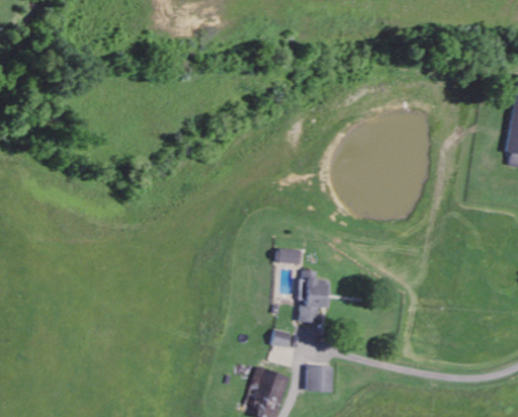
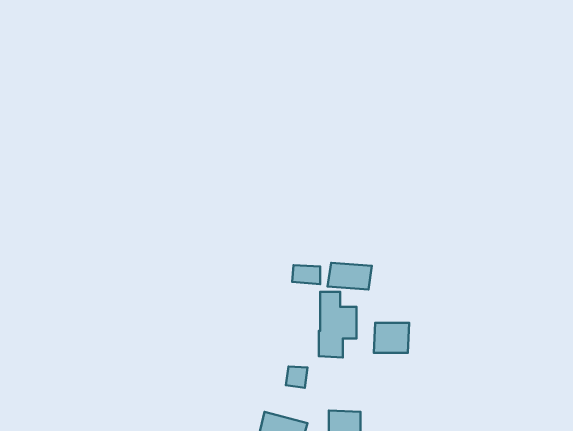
building: none -> [328,263,372,290]
building: none -> [374,323,409,353]

